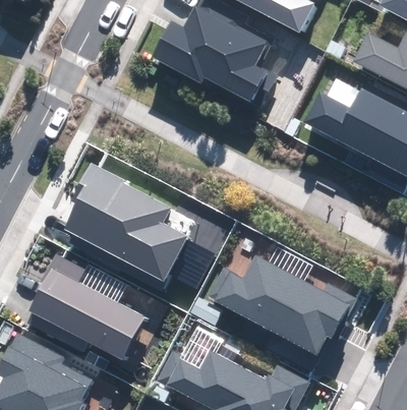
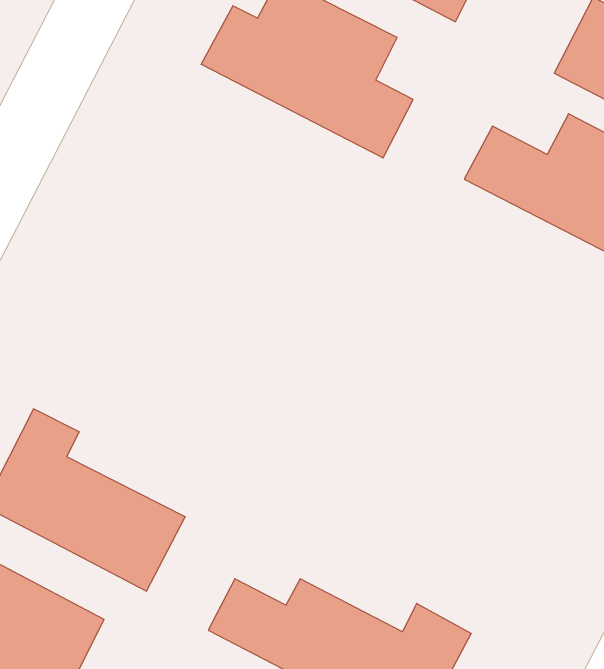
building: [63,167,187,281] -> none
building: [211,257,352,353] -> none

